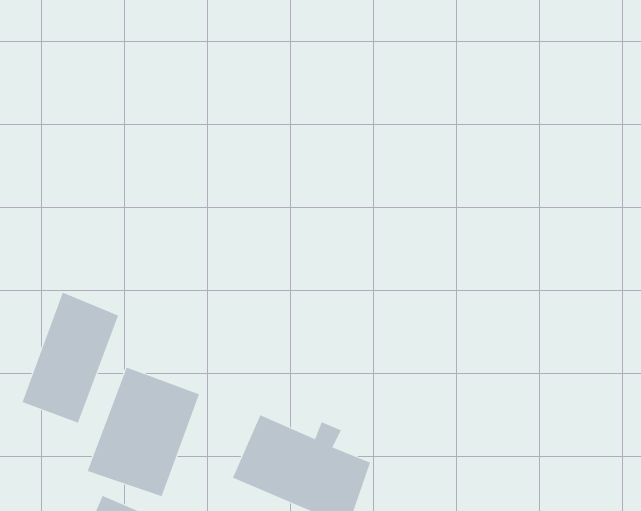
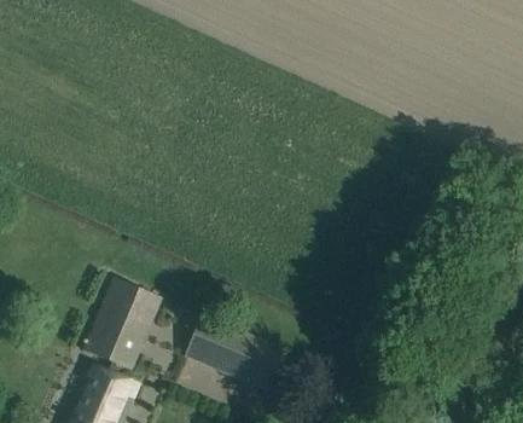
building: [22,292,119,423] -> none

